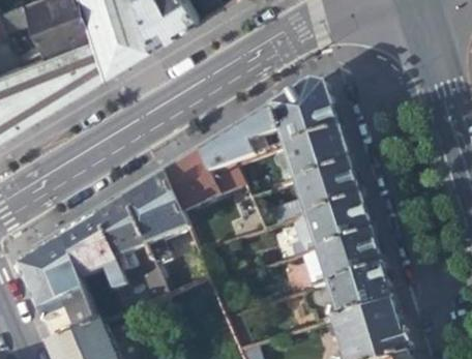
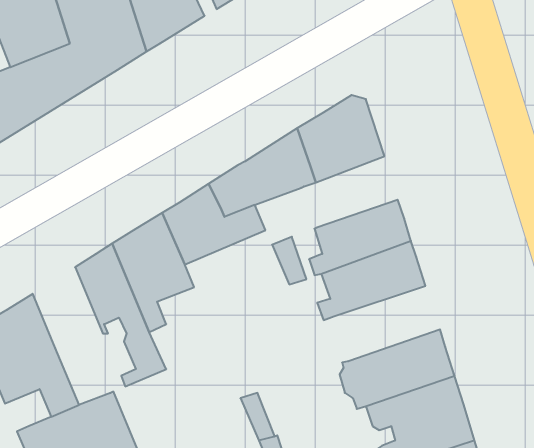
building: [271,128,348,184] -> none
building: [62,215,135,313] -> none
building: [298,230,381,289] -> none

